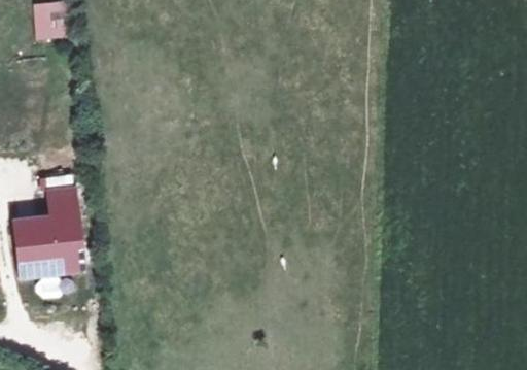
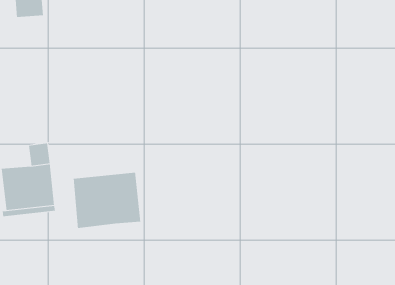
building: none -> [73,172,141,229]

